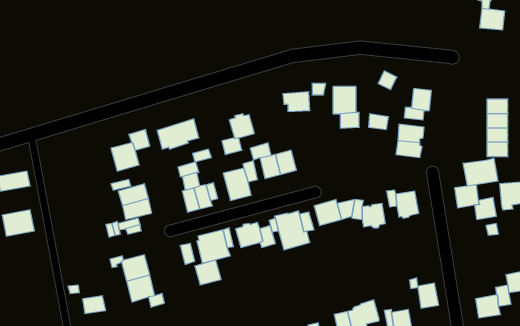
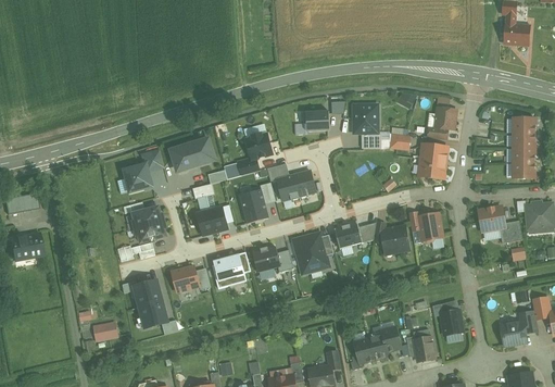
building: [463,158,498,186] -> none
building: [195,260,221,285] -> [171,265,198,291]

